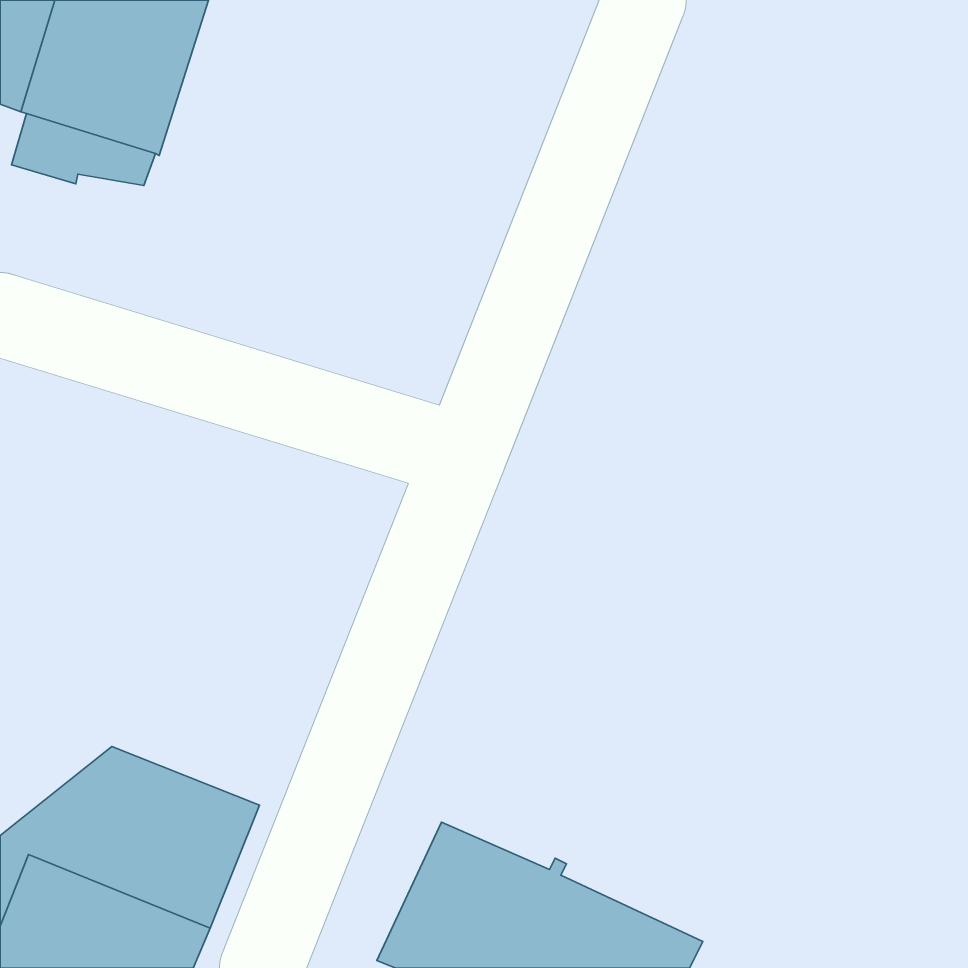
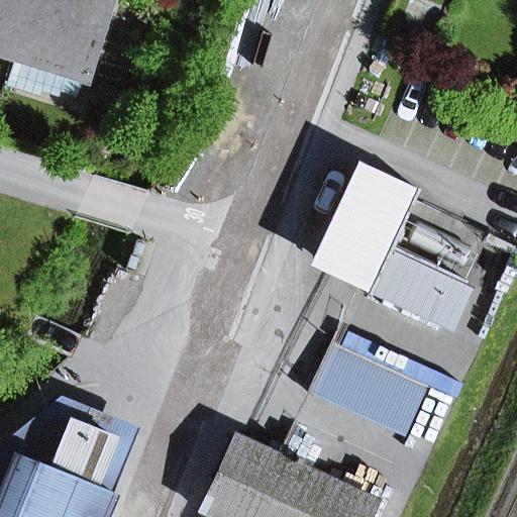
building: none -> [320,175,466,322]
building: none -> [309,346,426,437]

